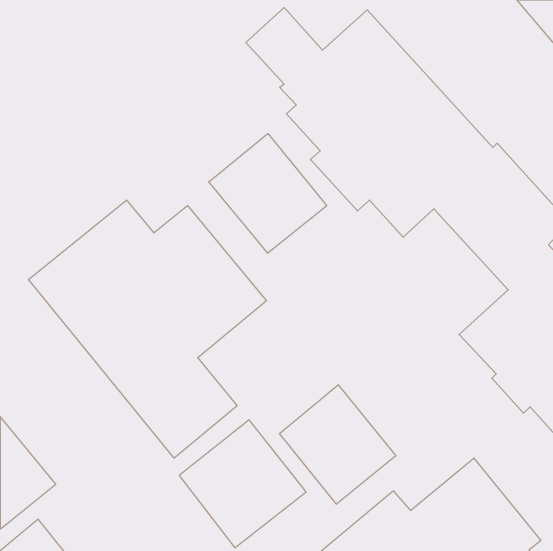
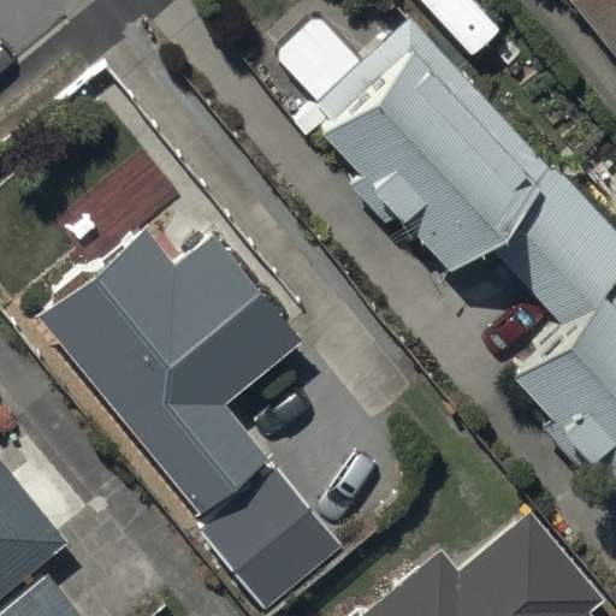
building: [209,134,327,253] -> none
building: [279,385,396,504] -> none

